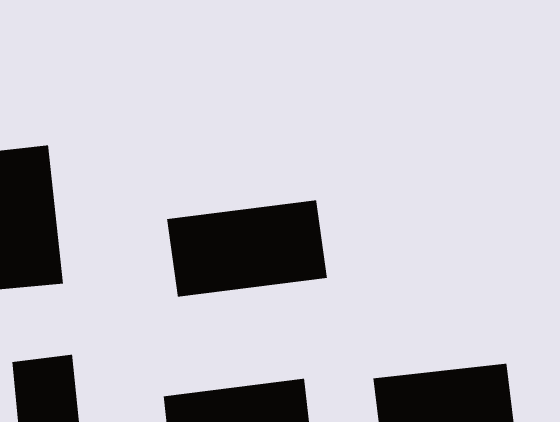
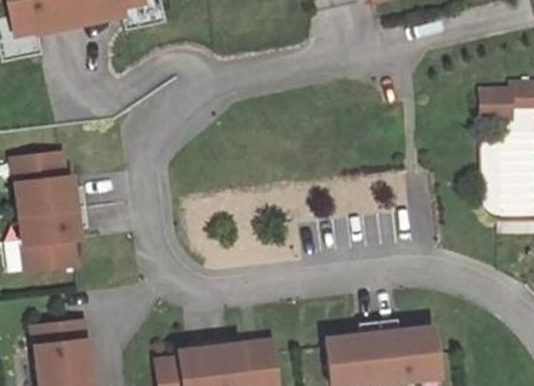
building: [166,200,327,297] -> none

